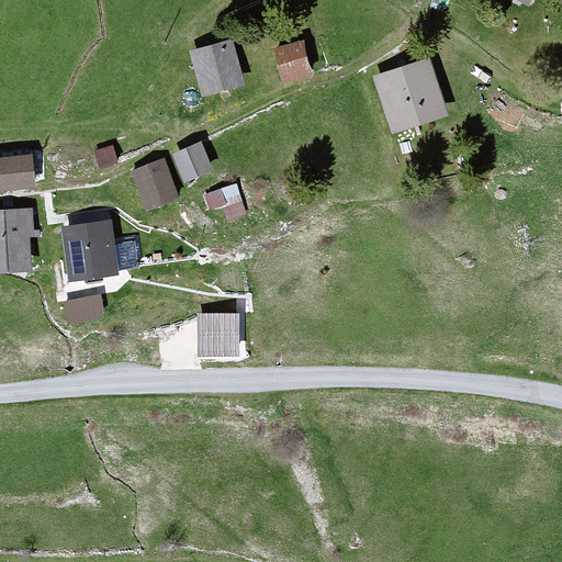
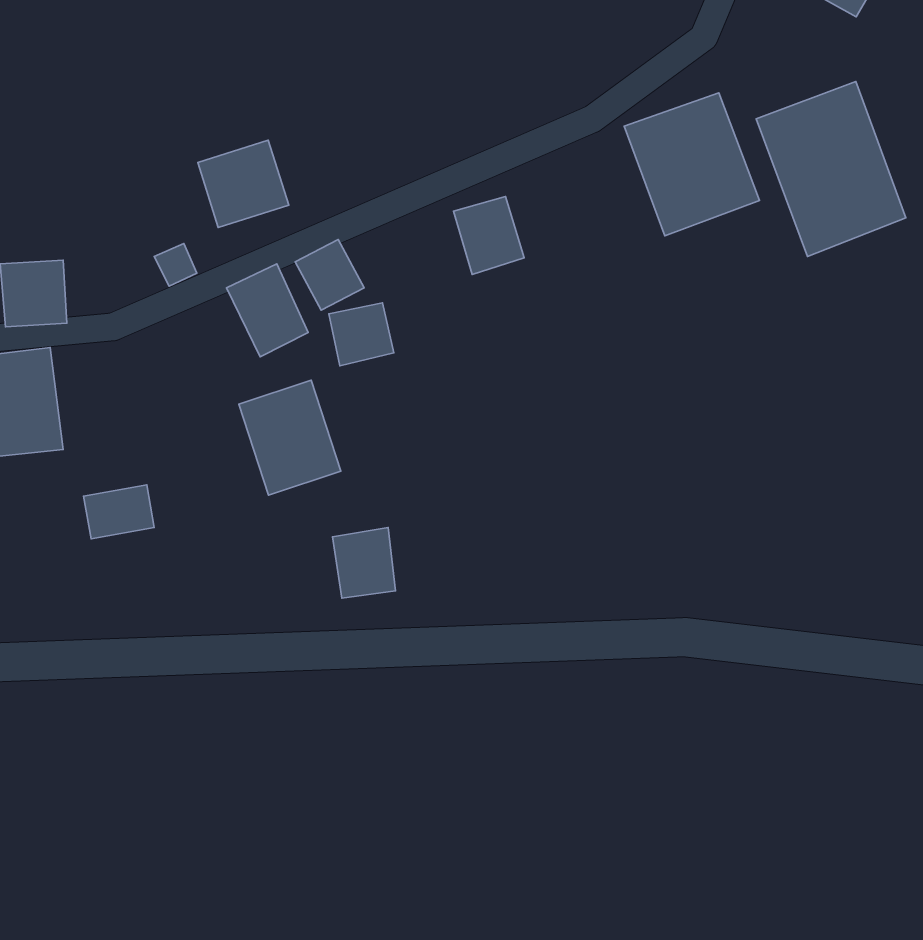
building: [188,40,241,91] -> [198,140,289,227]
building: [270,40,312,86] -> [454,196,524,274]
building: none -> [756,82,906,257]
building: [70,214,131,282] -> [239,380,341,495]

